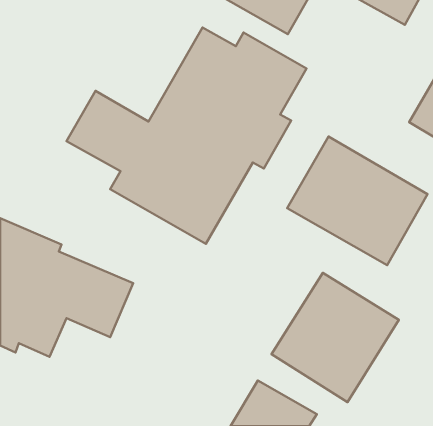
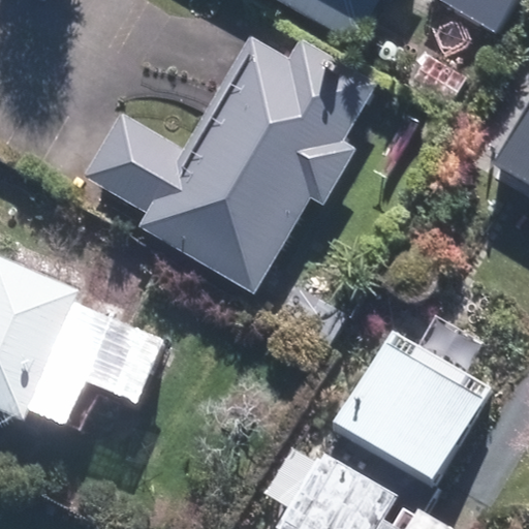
building: [287,137,428,265] -> none

